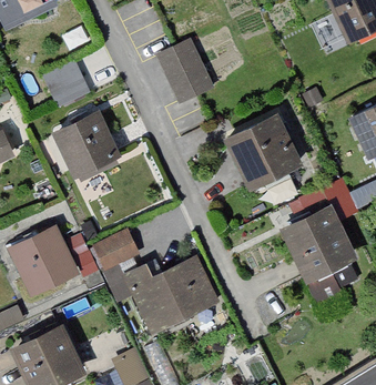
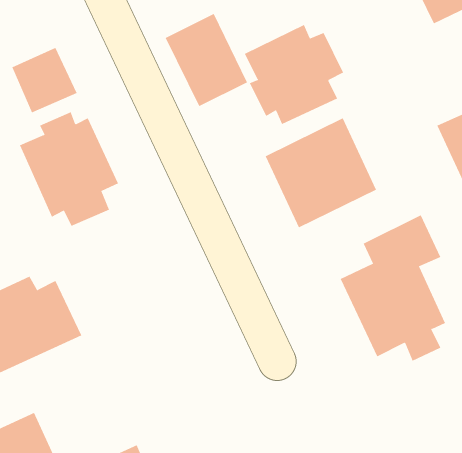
building: none -> [244,24,344,125]
building: [92,231,139,271] -> none
building: [123,255,219,334] -> none

